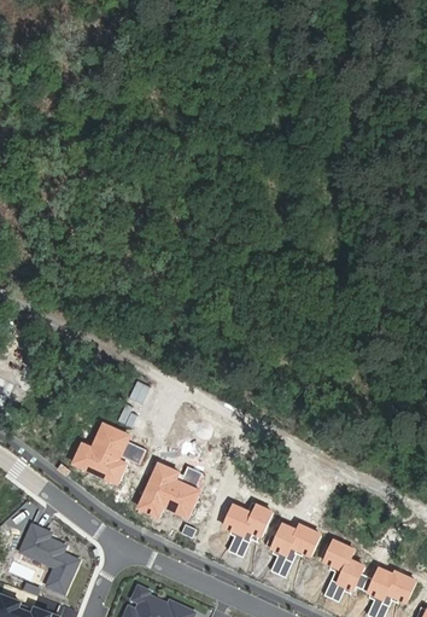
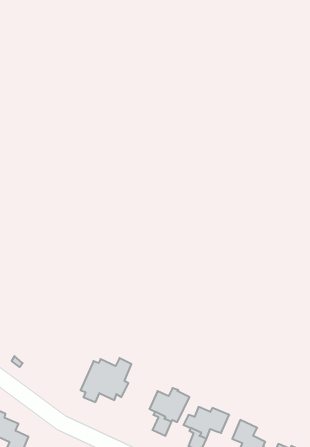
building: [74,424,145,484] -> none

